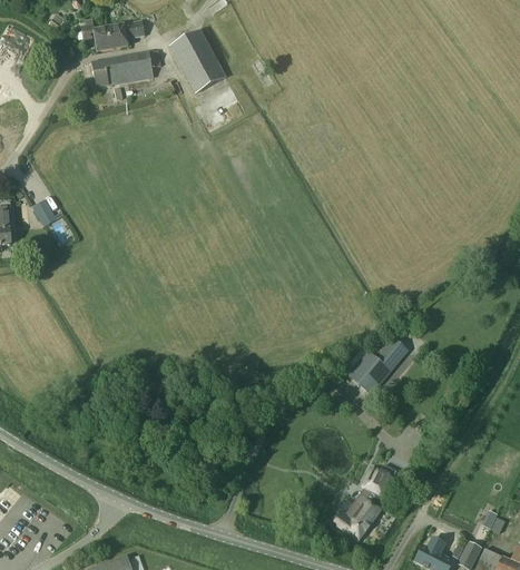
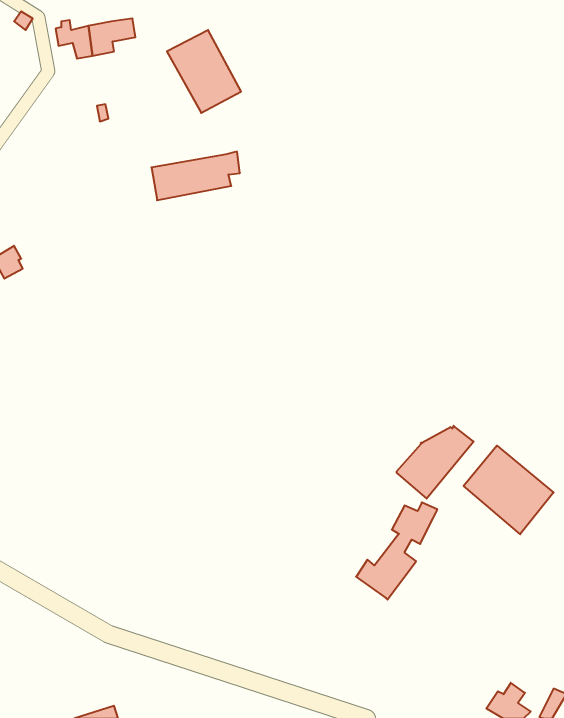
building: [91,49,160,87] -> [151,152,240,200]
building: none -> [464,446,554,534]
building: [333,464,396,540] -> [356,502,437,600]

